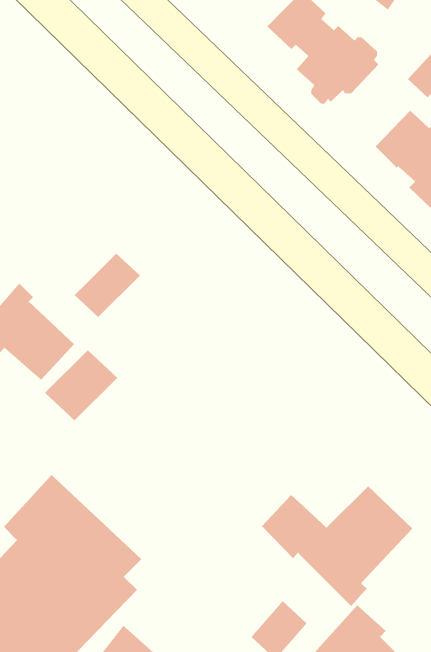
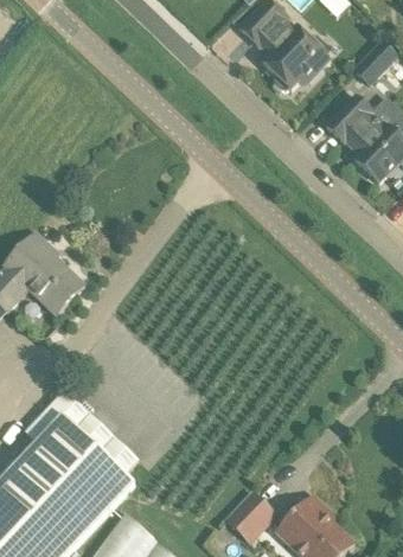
building: [74,253,141,318] -> none
building: [44,349,118,421] -> none
building: [261,486,413,607] -> none

